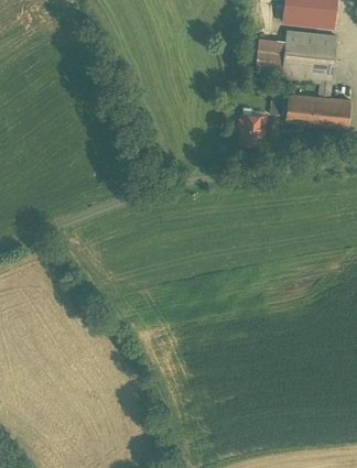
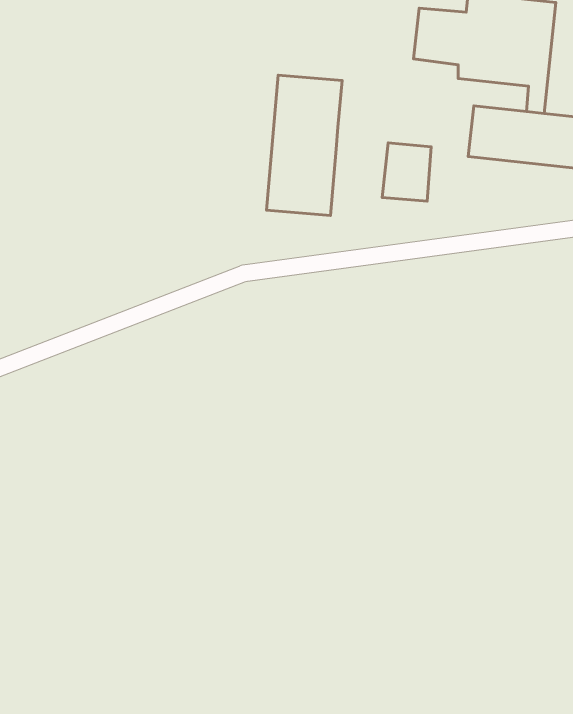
building: none -> [266,75,342,215]

